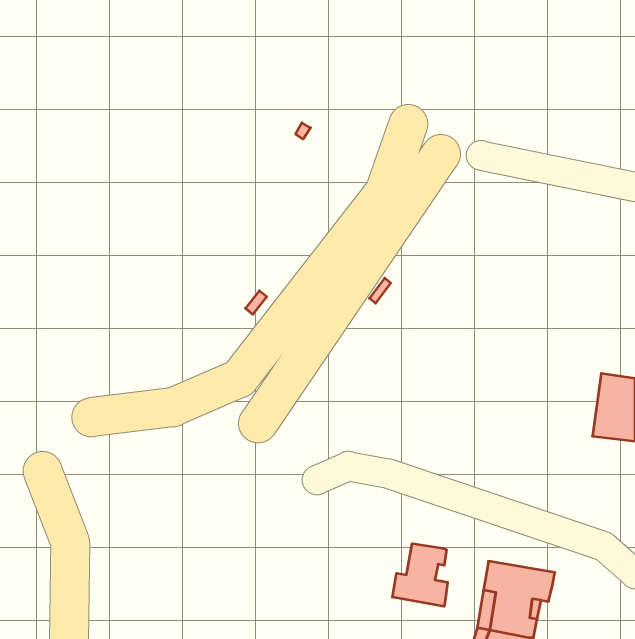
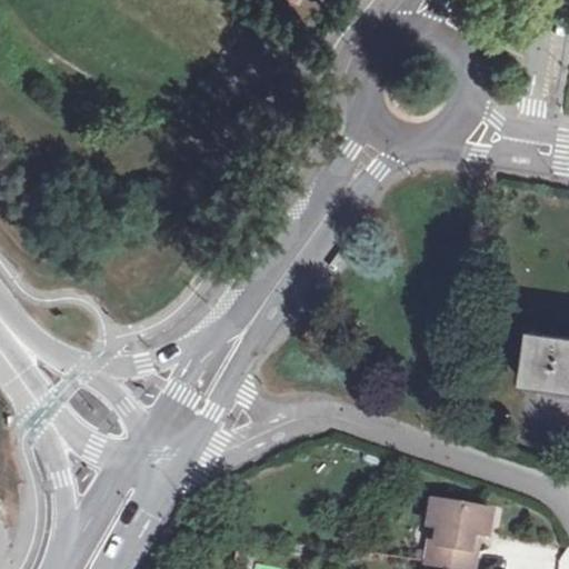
building: [392,544,448,606] -> none

